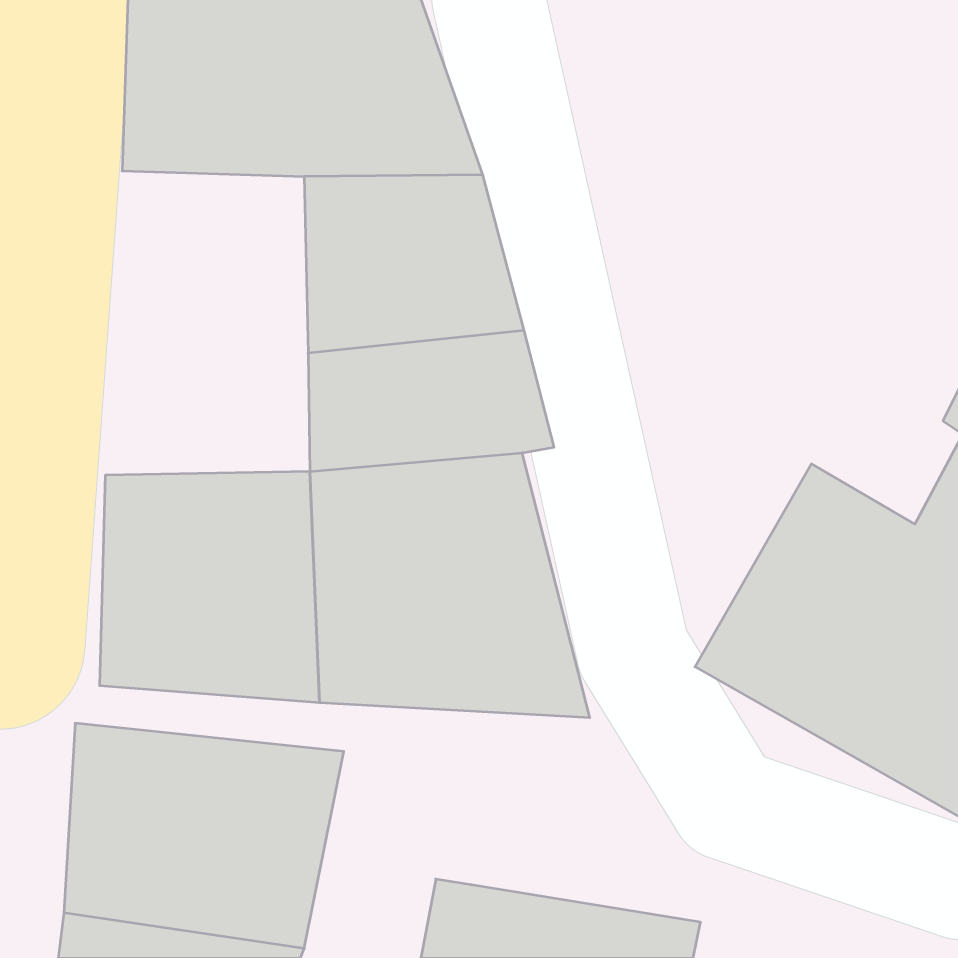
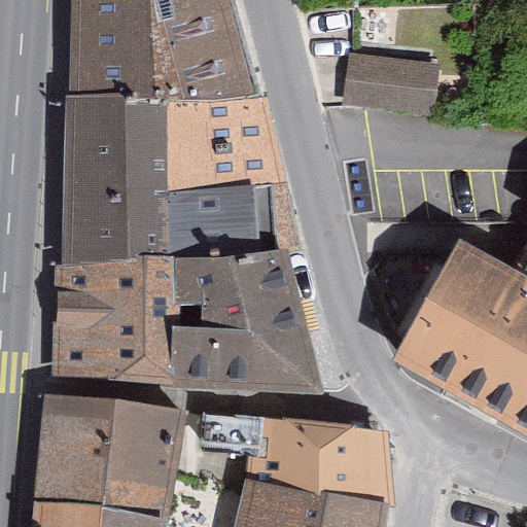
building: none -> [338,56,432,118]
building: none -> [59,94,171,260]
building: none -> [259,414,388,505]

